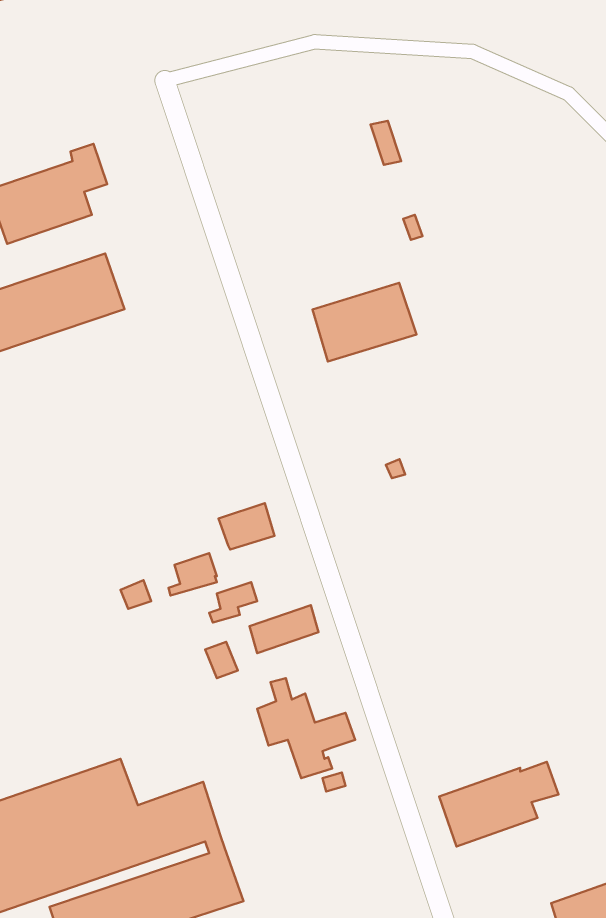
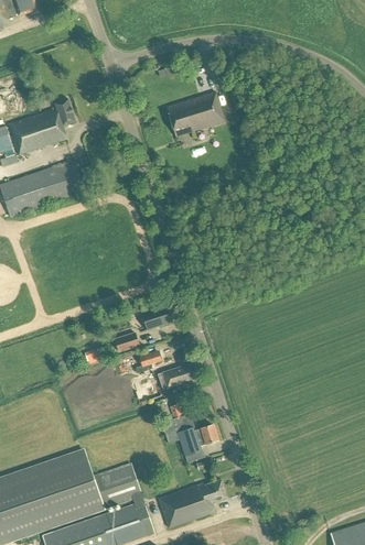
building: [313,283,416,362] -> [165,91,225,137]
building: [439,762,559,847] -> [158,479,226,527]

